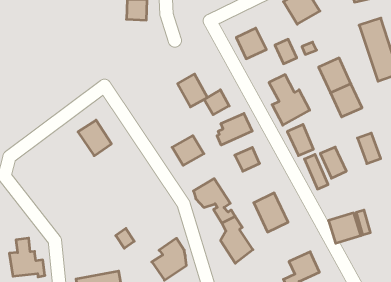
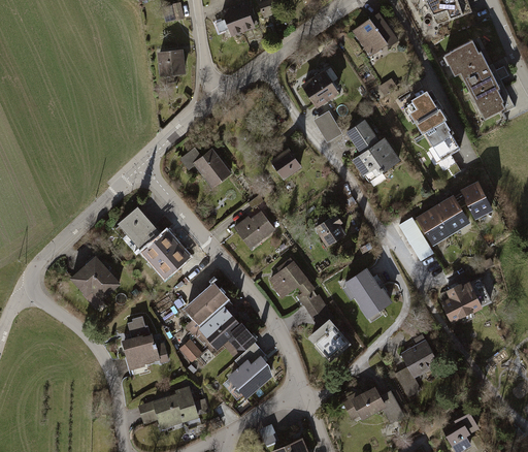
building: [275,39,297,64] -> [315,109,343,140]
building: [178,74,208,107] -> [192,149,231,190]
building: [217,113,252,145] -> none
building: [287,124,313,156] -> [437,192,472,231]
building: none -> [141,230,191,281]
building: none -> [70,255,124,308]
building: none -> [187,282,255,353]
building: [9,238,45,277] -> [123,316,170,365]

